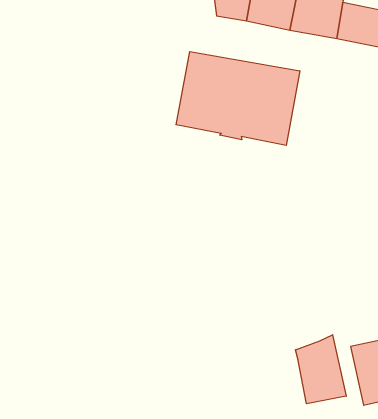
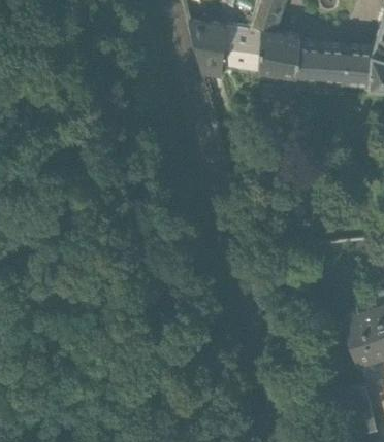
building: [176,52,300,145] -> none
building: [295,335,346,404] -> none

